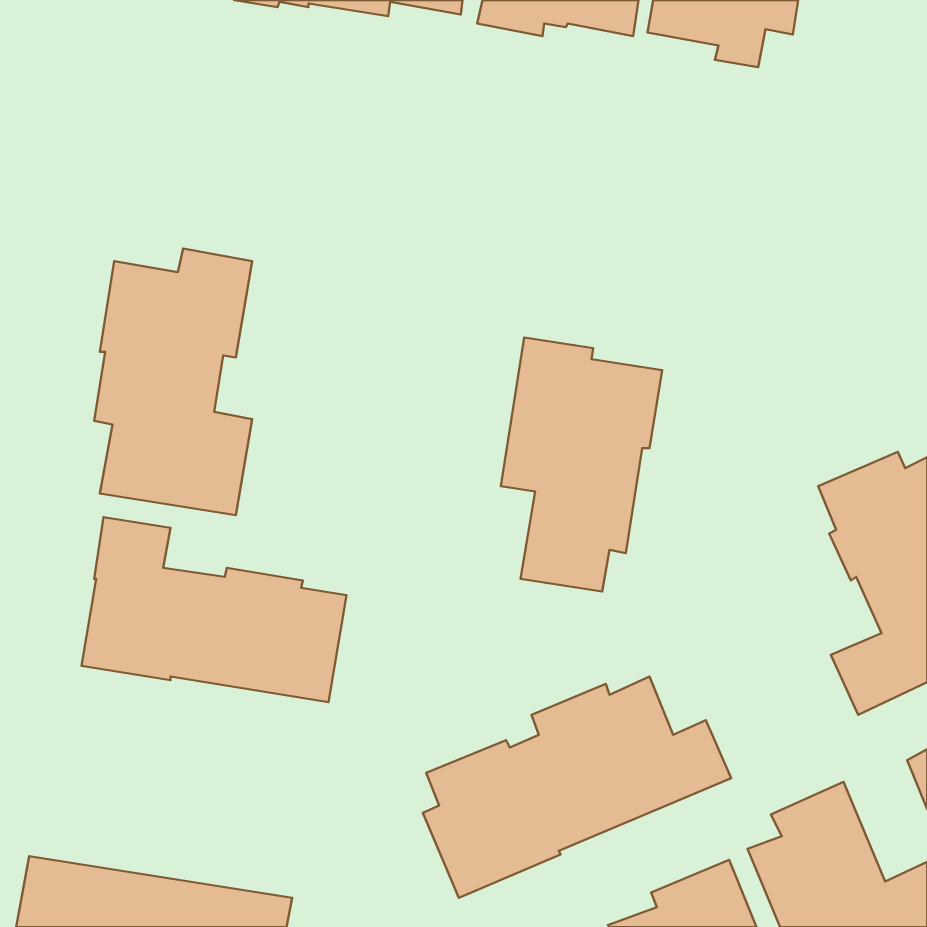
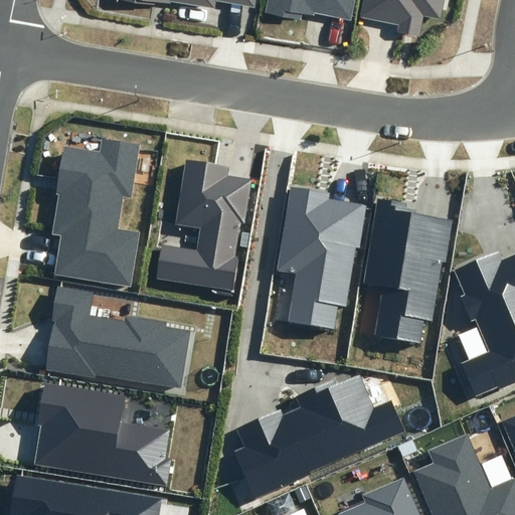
building: none -> [156,160,251,292]
building: none -> [361,197,454,343]
building: none -> [34,382,172,488]

